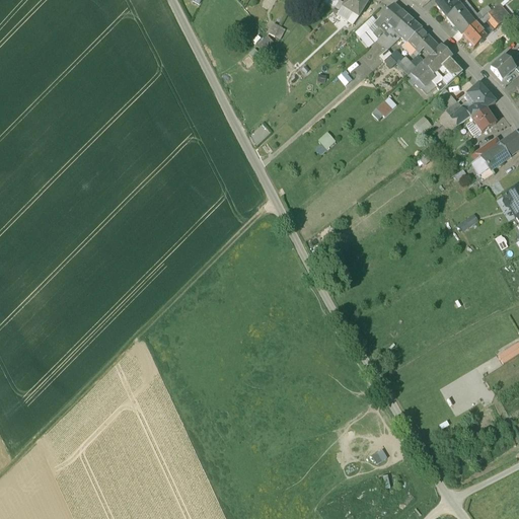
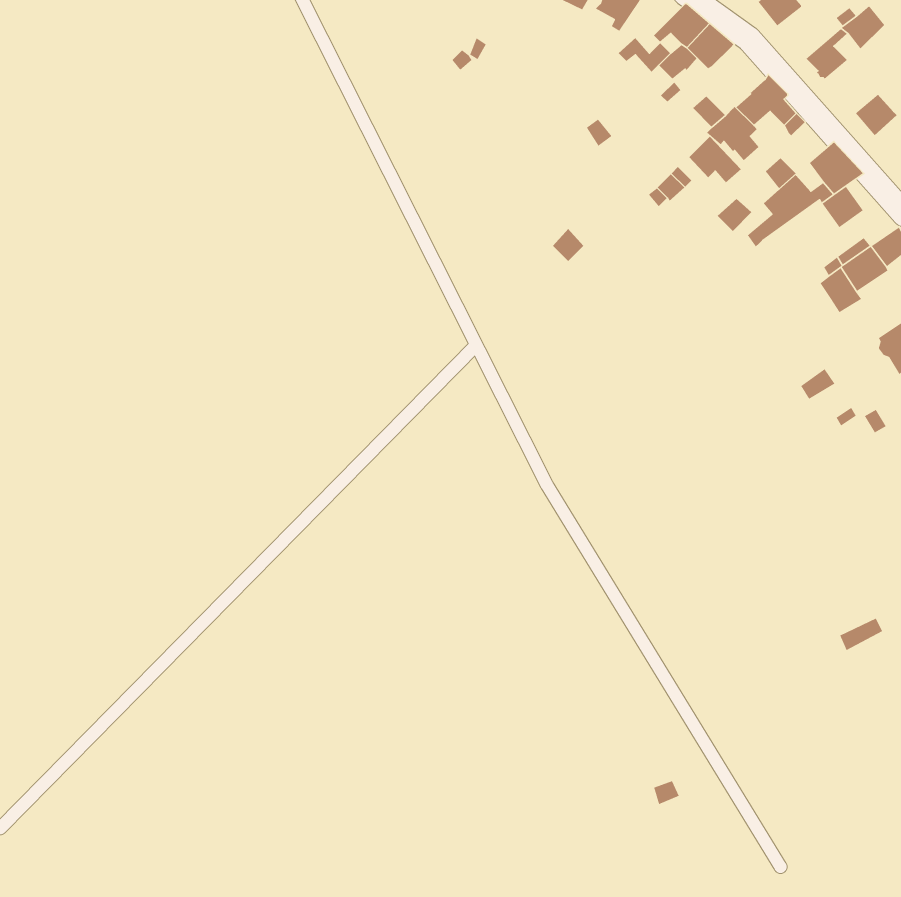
building: [447,4,476,33] -> none
building: [410,26,440,54] -> [689,136,742,184]

